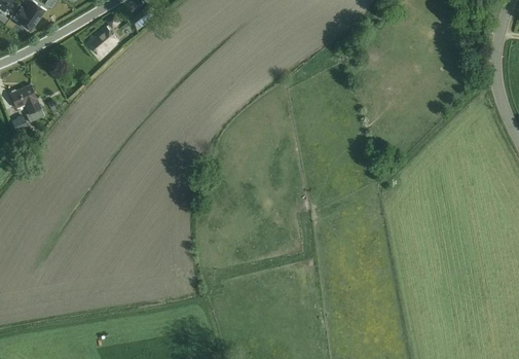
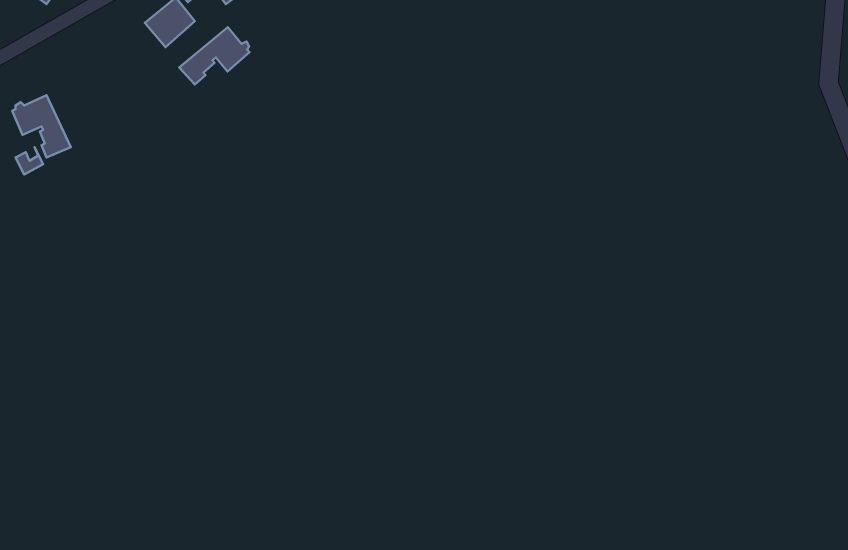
building: none -> [179,27,249,85]

